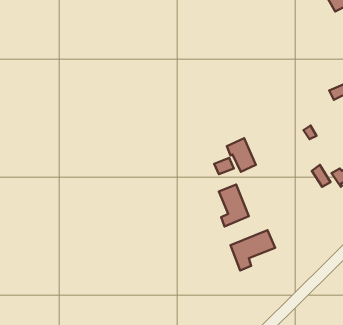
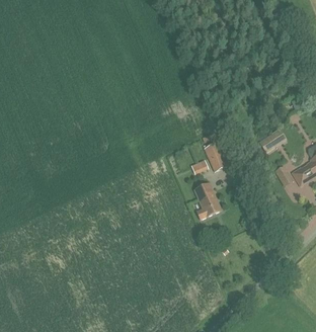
building: [230,230,275,271] -> none

